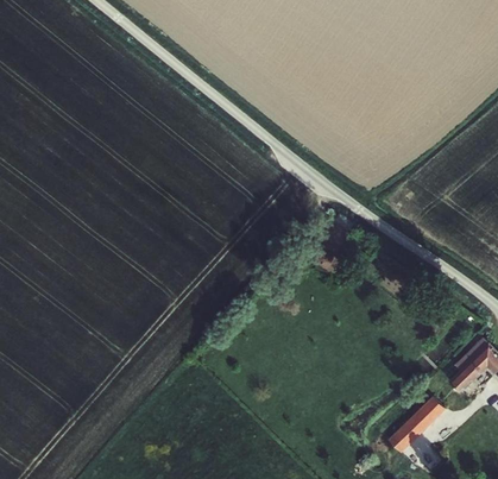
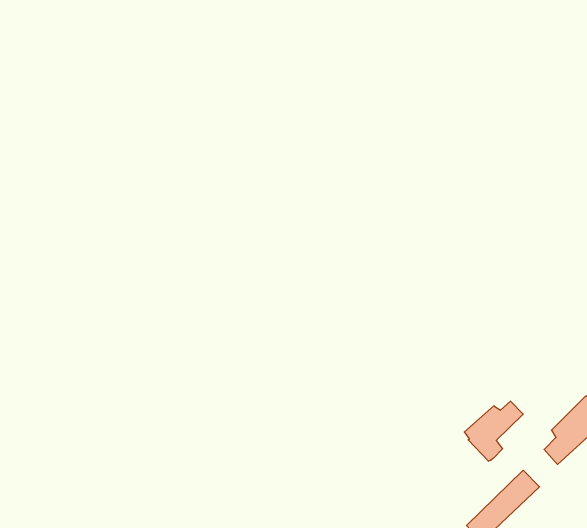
building: none -> [464,401,523,461]

